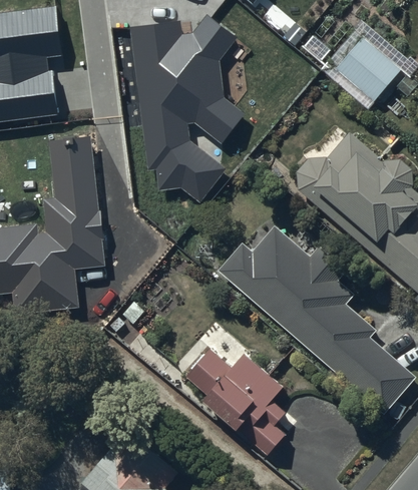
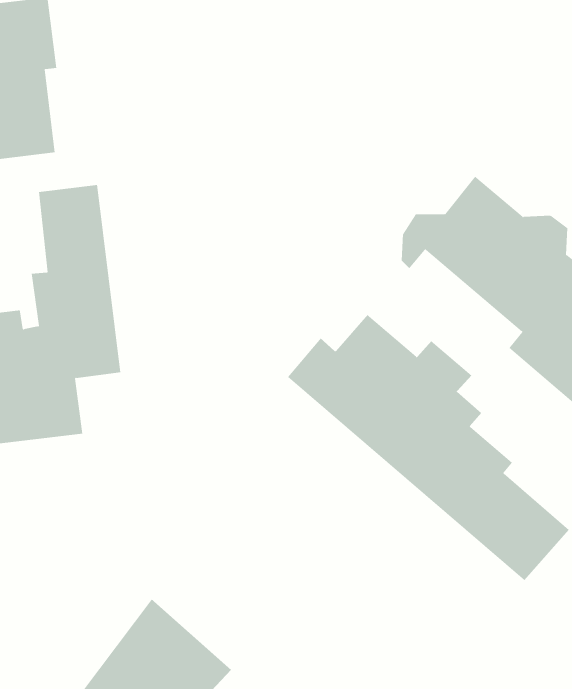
building: [128,16,246,204] -> none
building: [322,29,402,106] -> none
building: [184,347,297,456] -> none

